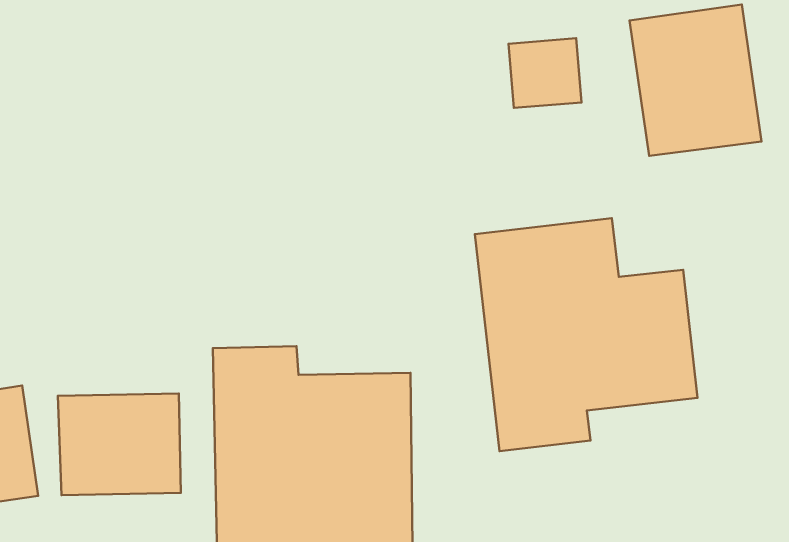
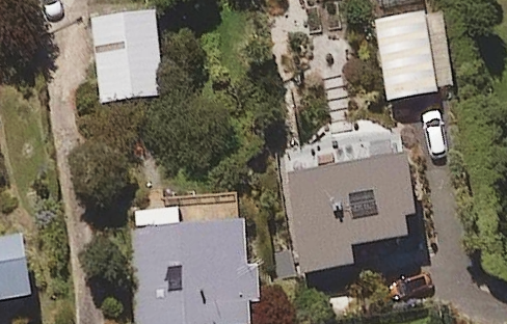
building: none -> [95,12,160,98]
building: [58,393,181,495] -> none

